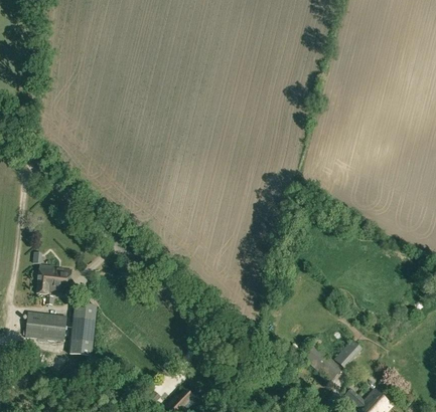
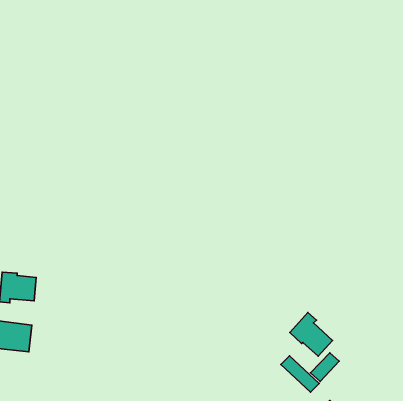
building: [69,301,97,355] -> none
building: none -> [290,312,333,356]

